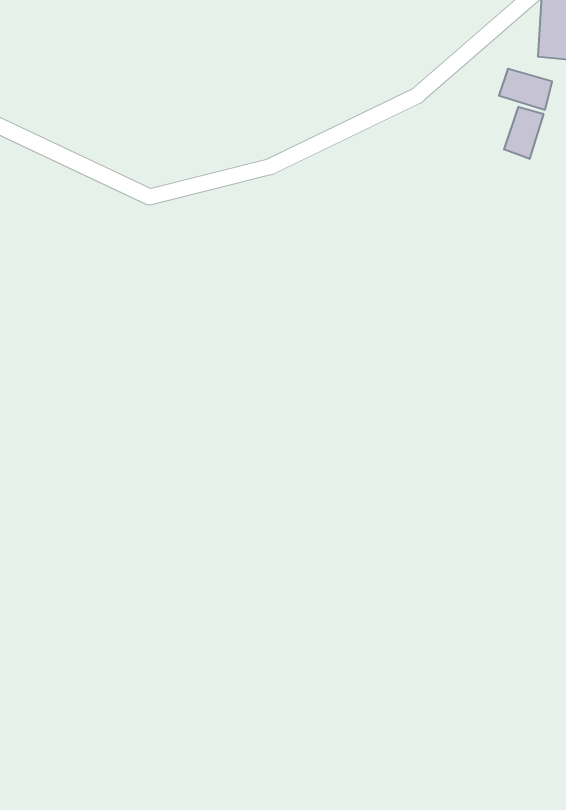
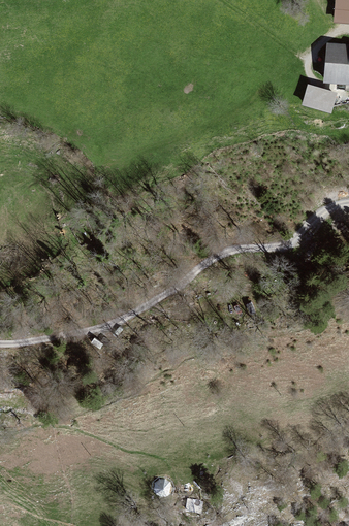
building: [504,107,543,159] -> none

